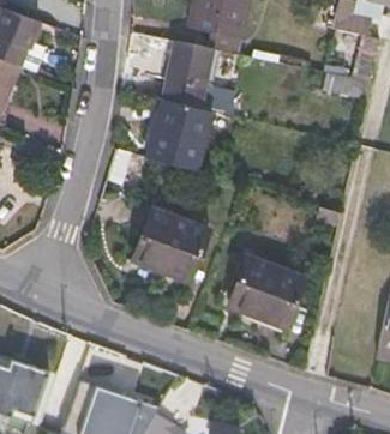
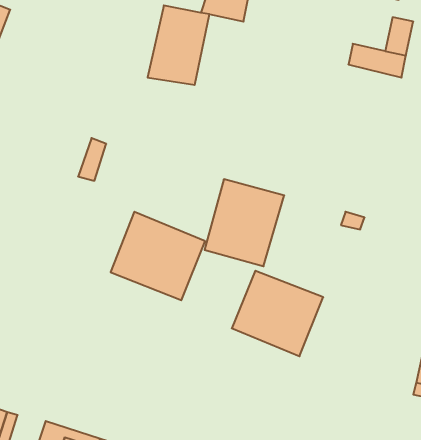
building: [145,98,210,169] -> [205,179,284,266]

